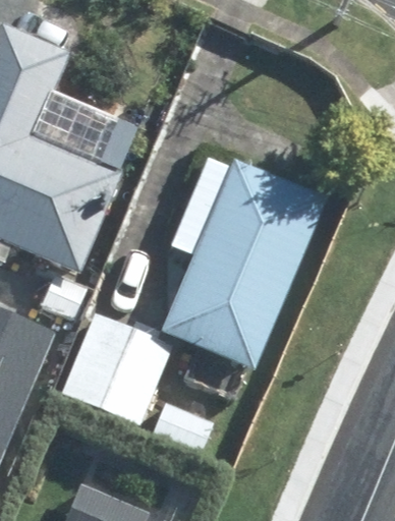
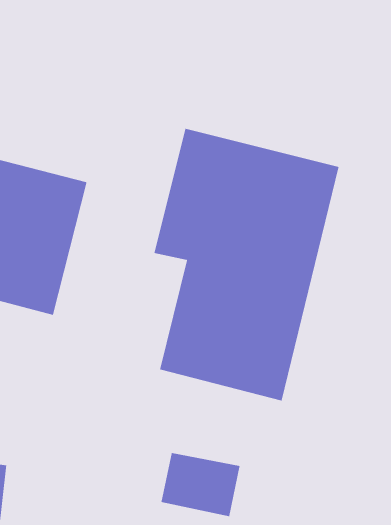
building: [55,306,175,425] -> none

